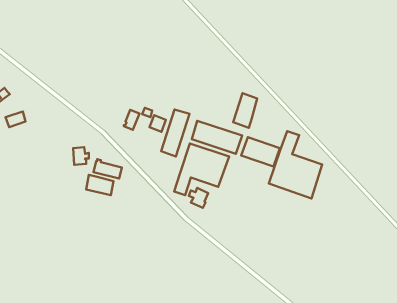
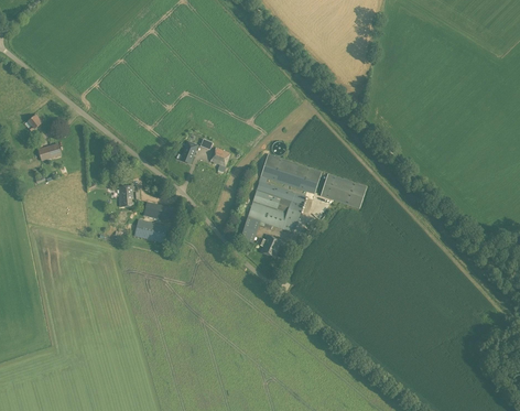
building: [233,93,257,128] -> none
building: [161,109,190,156] -> none
building: [269,131,322,199] -> none

